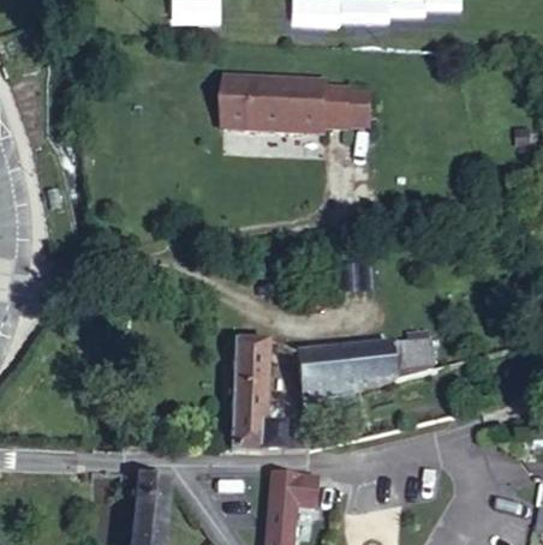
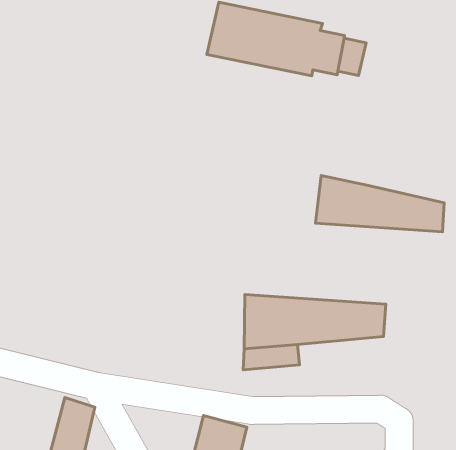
building: none -> [316,175,444,232]
building: [231,336,308,449] -> none

